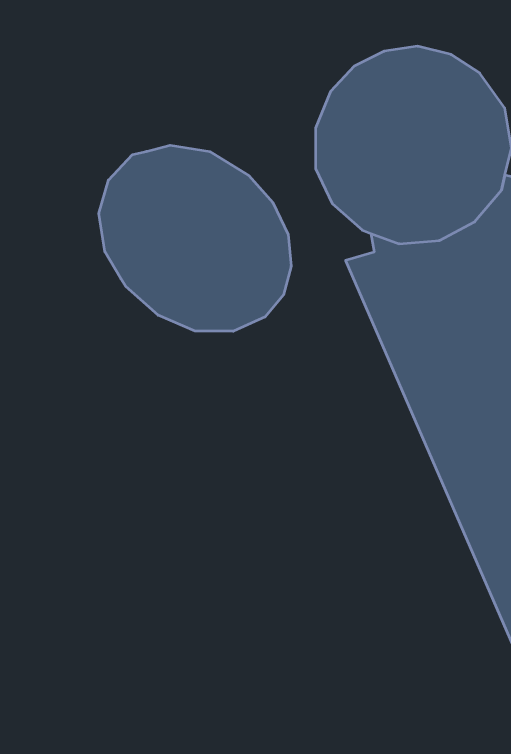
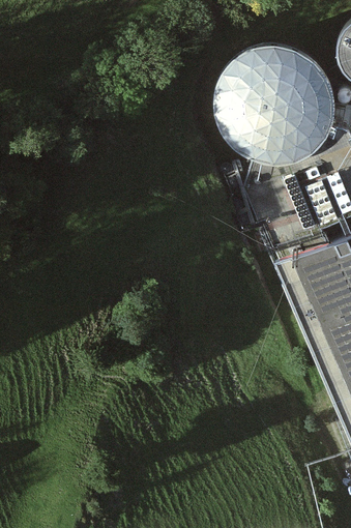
building: [99,145,291,331] -> none

